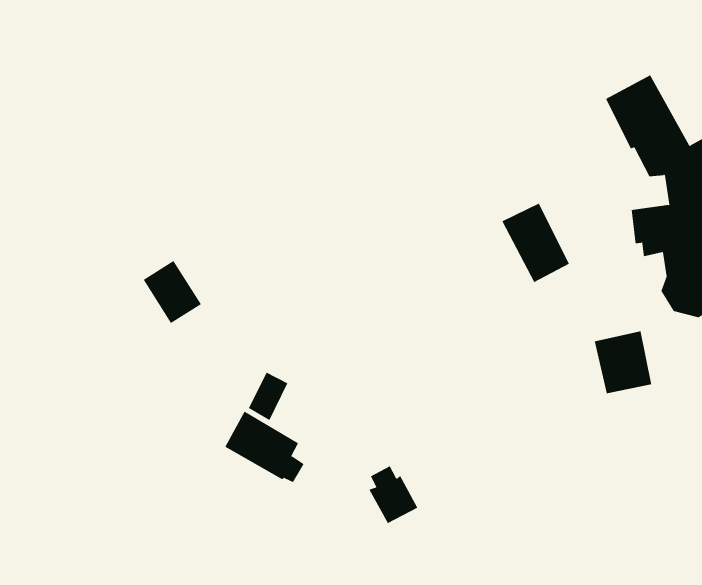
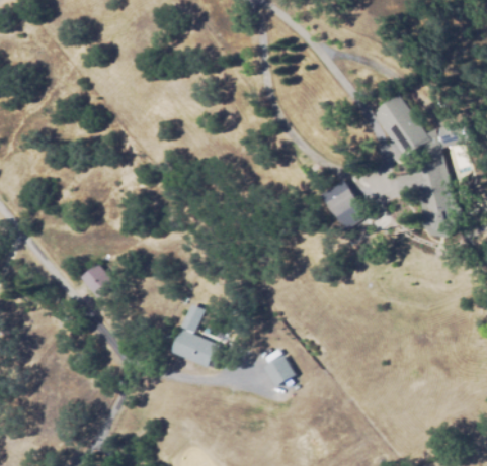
building: [143,260,202,324] -> [80,264,117,302]
building: [594,330,652,394] -> none

